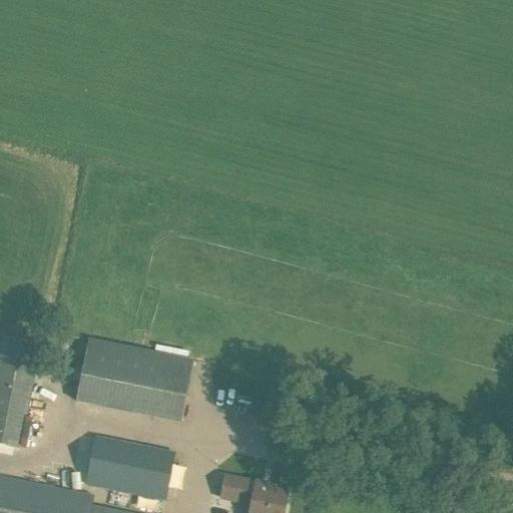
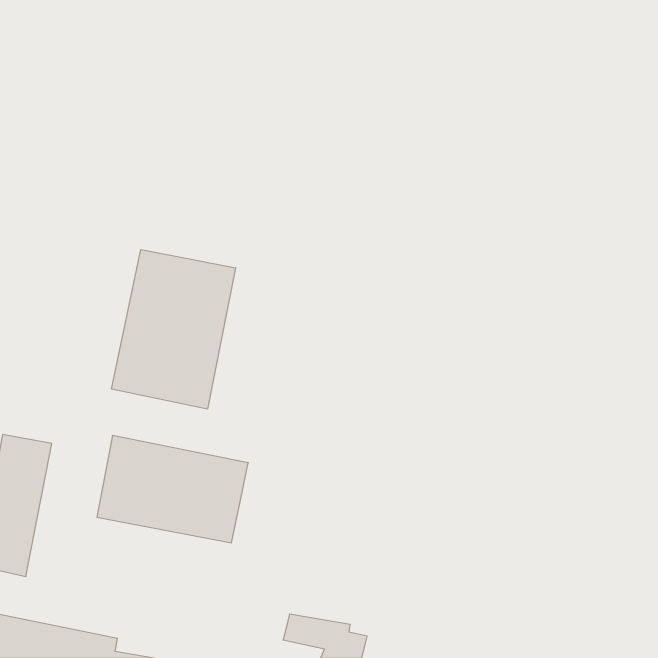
building: none -> [112,250,236,409]
building: [86,436,173,500] -> none

